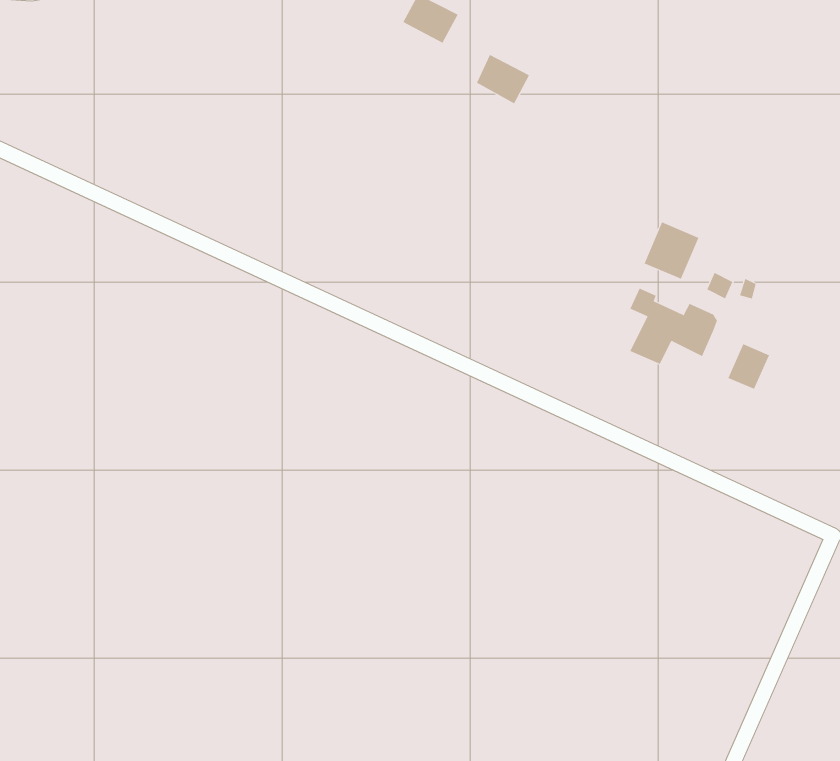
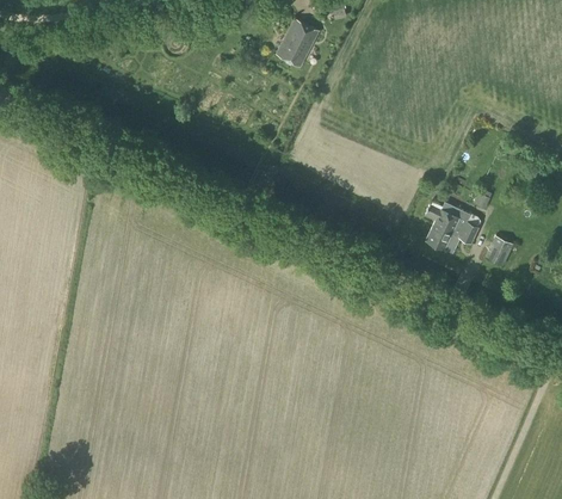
building: [476,54,530,104] -> [277,36,310,67]
building: [644,222,699,280] -> none

